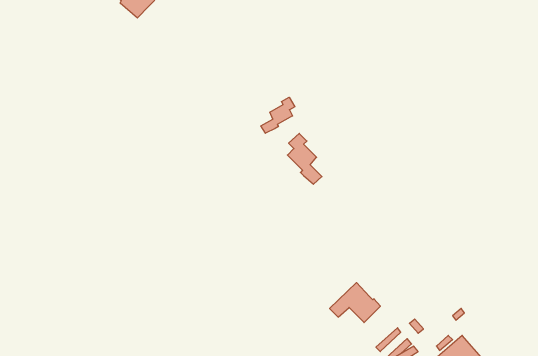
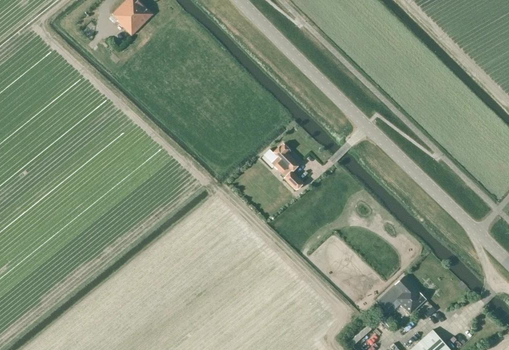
building: [261,97,295,133] -> none
building: [330,283,380,323] -> [378,276,425,313]

